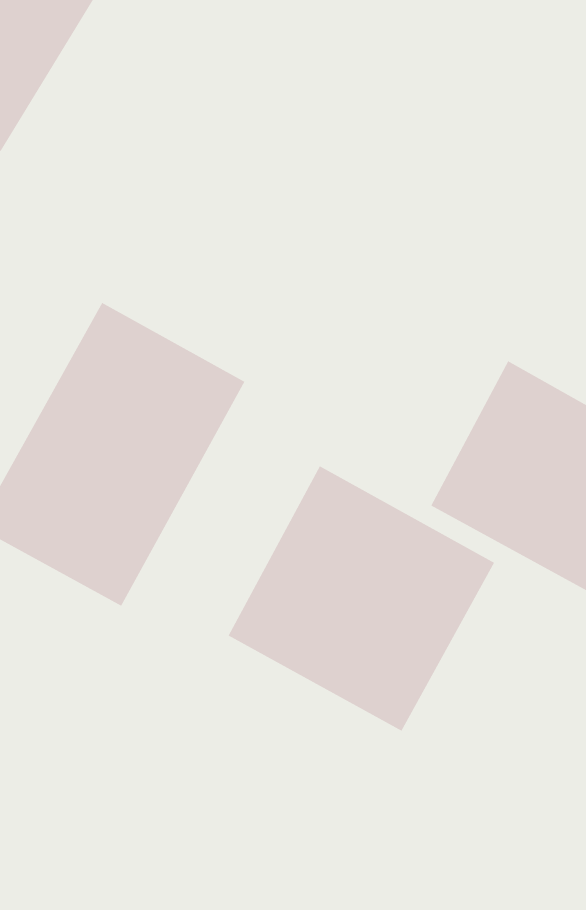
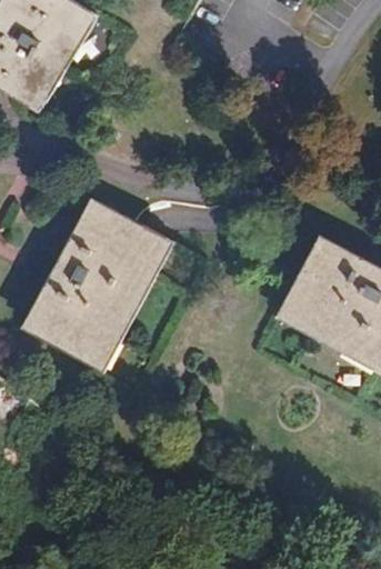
building: [228,465,495,732] -> none

